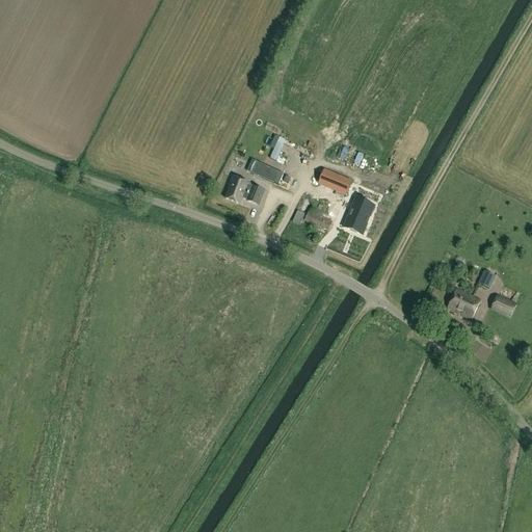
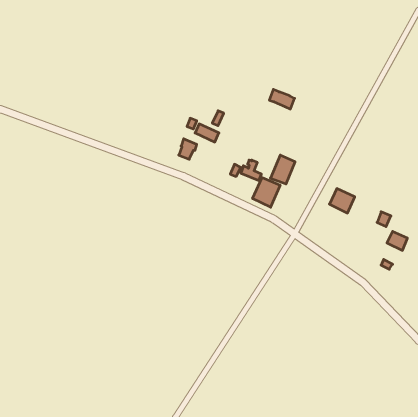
building: [320,168,352,193] -> [269,89,295,109]
building: none -> [253,178,280,207]
building: [449,288,481,319] -> [329,189,355,213]

